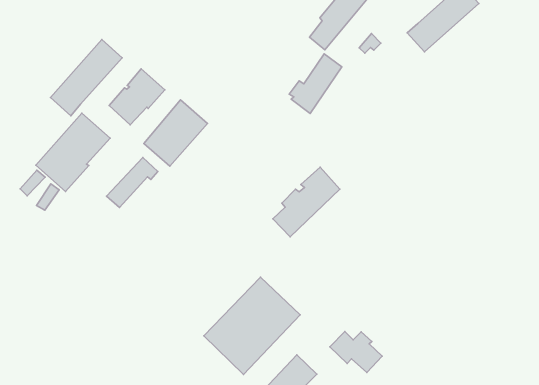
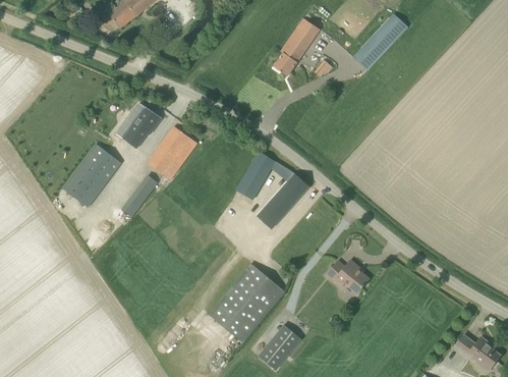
building: [51,40,122,116] -> none
building: [289,54,342,114] -> [234,151,275,200]
building: [330,332,382,373] -> [326,260,369,292]

